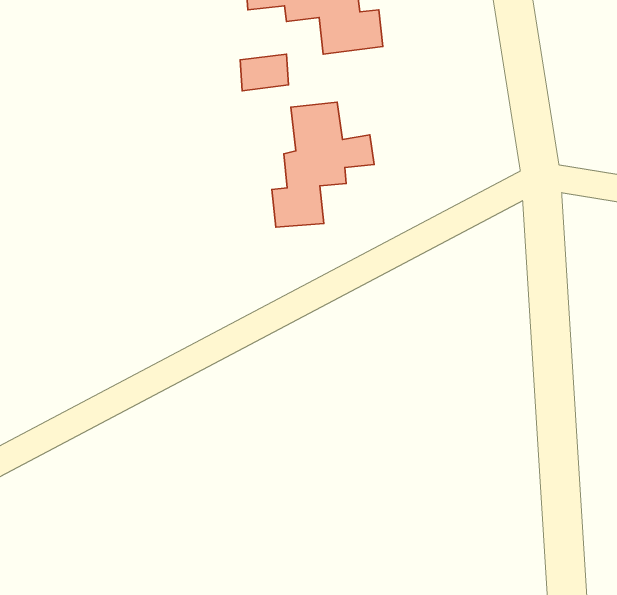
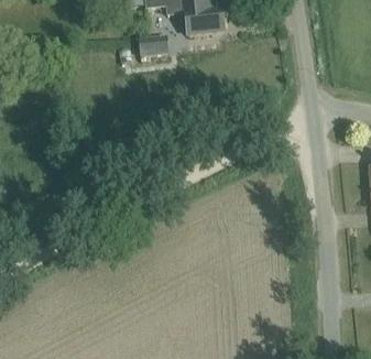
building: [272,102,374,227] -> none

